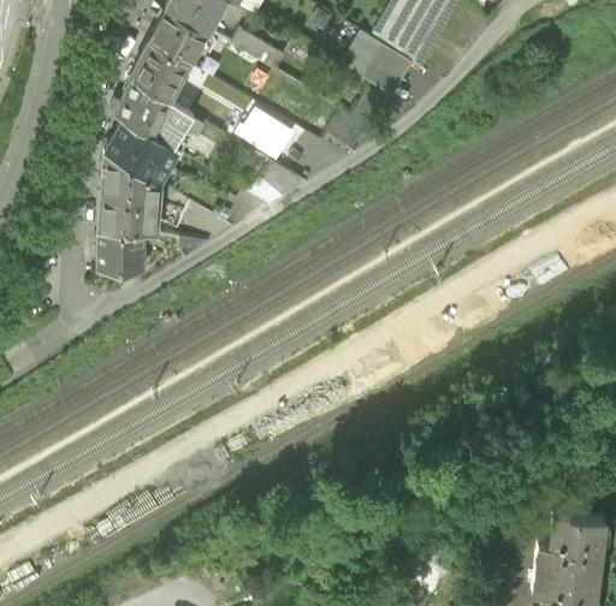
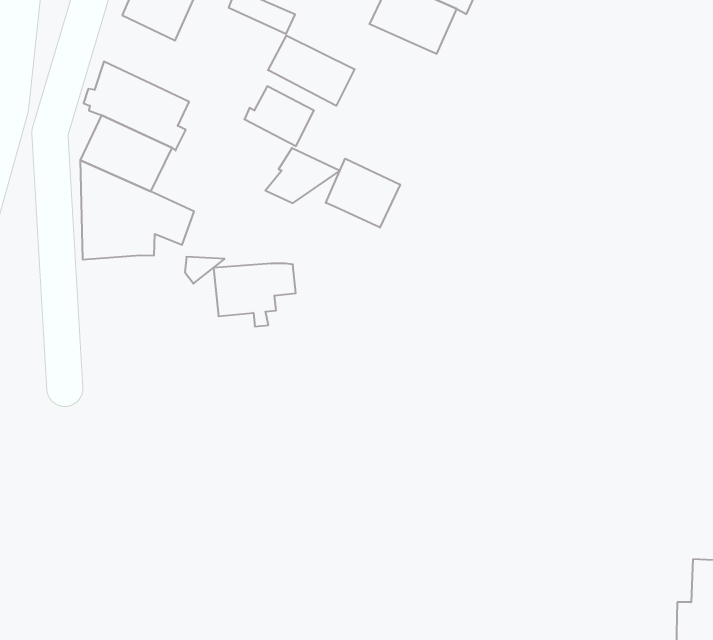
building: [131,37,189,96] -> none
building: none -> [268,36,355,106]
building: none -> [326,159,400,228]
building: [99,226,161,275] -> [214,264,296,326]

